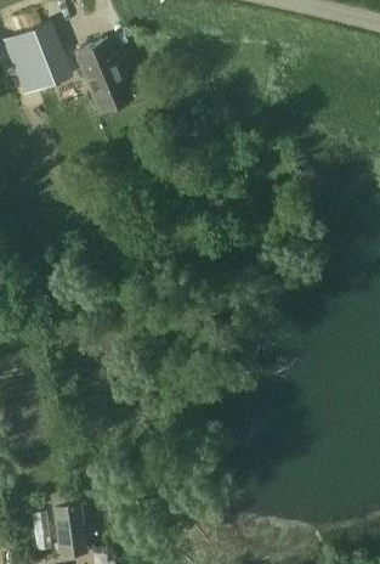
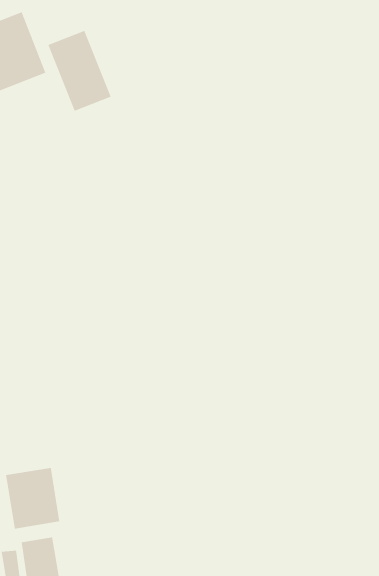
building: none -> [6,467,60,529]

